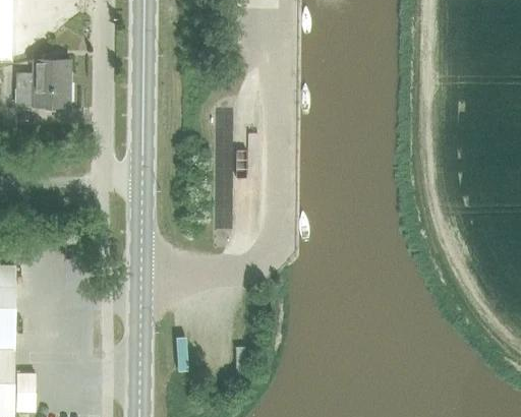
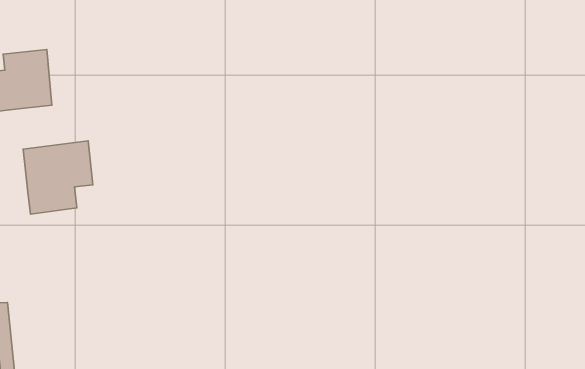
building: none -> [23,141,93,214]

